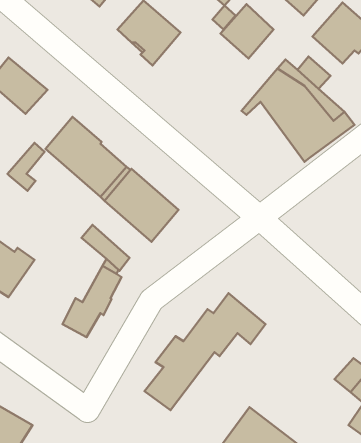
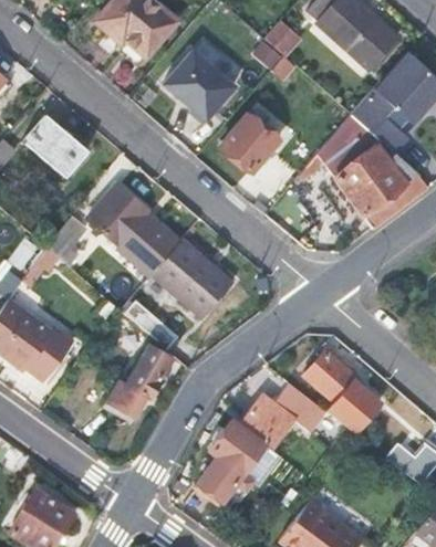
building: [220,4,273,58] -> [219,114,278,173]
building: none -> [309,350,384,432]

